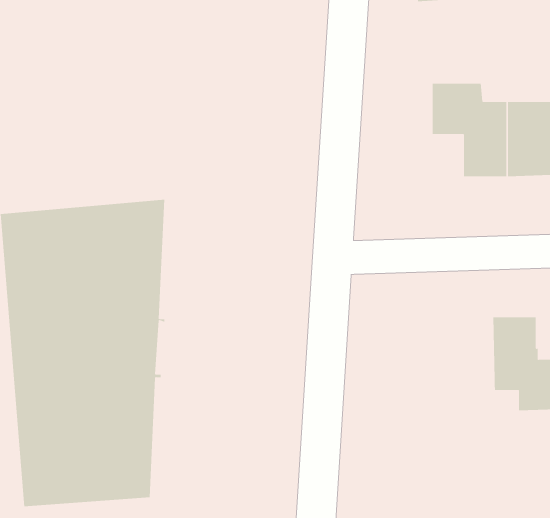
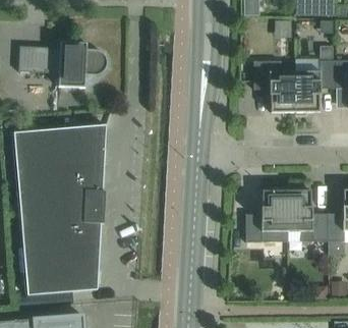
building: none -> [18,41,107,87]
building: none -> [244,189,287,241]

